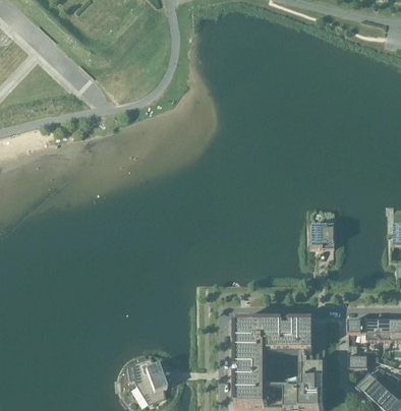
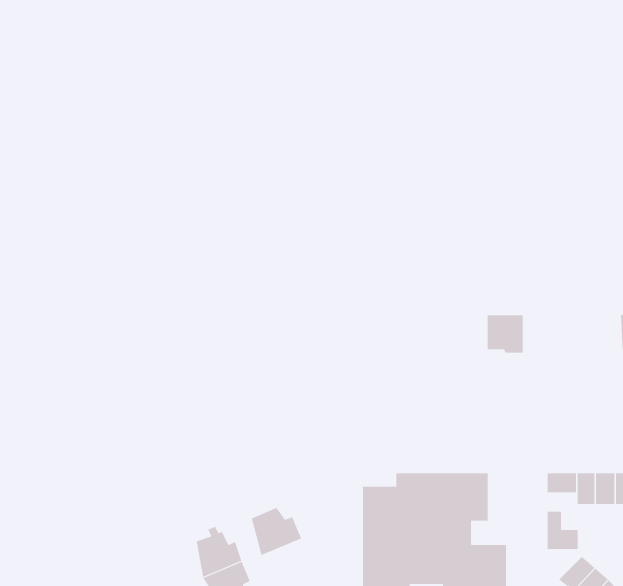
building: none -> [251,507,302,556]

